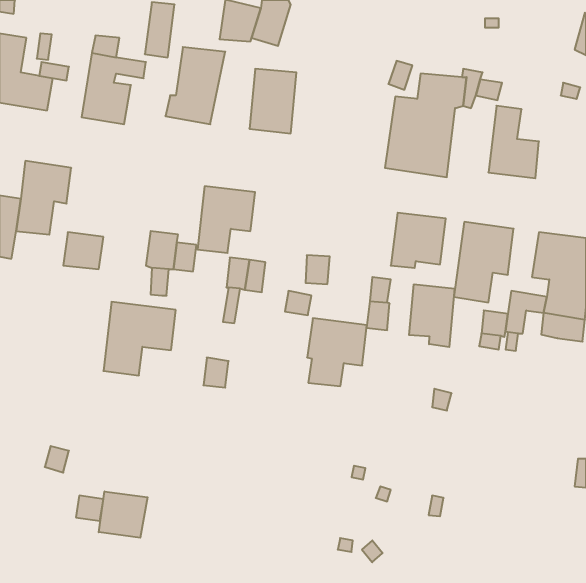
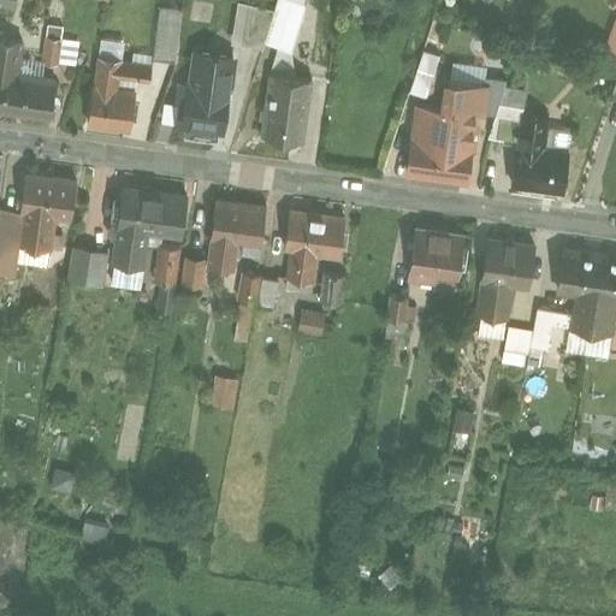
building: [409,284,455,347] -> none
building: [103,302,176,375] -> [112,188,188,265]
building: [307,318,367,386] -> [283,209,345,280]
building: [99,491,148,538] -> none

